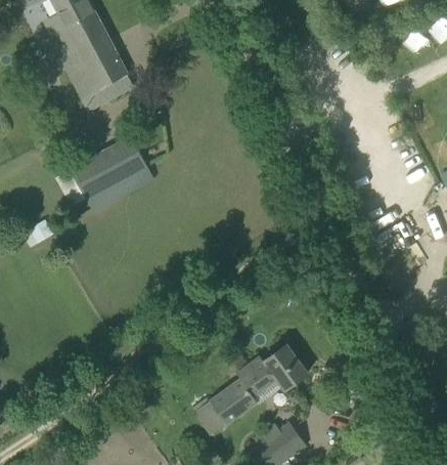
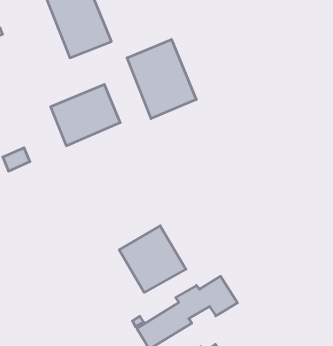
building: none -> [127,39,196,119]
building: none -> [119,226,186,292]

